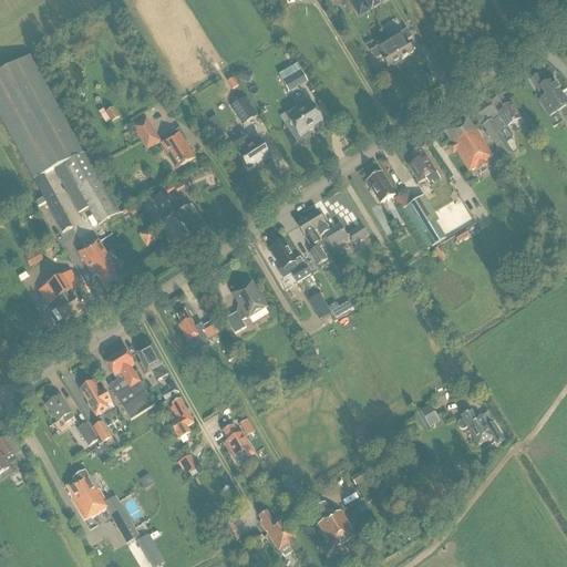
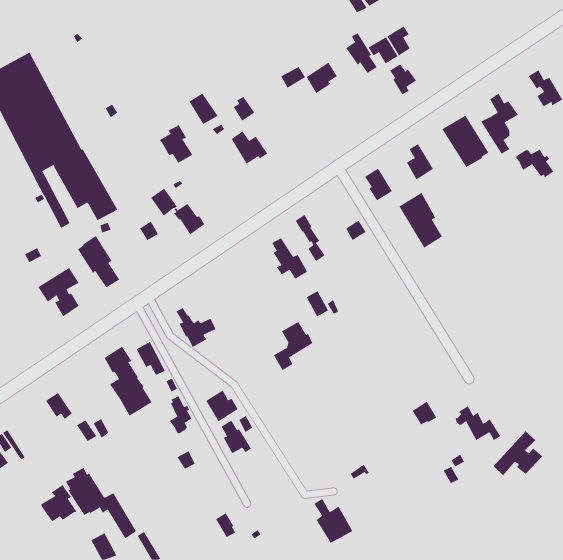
building: none -> [346,32,377,74]
building: none -> [389,63,417,95]
building: [288,101,320,133] -> [306,62,338,94]
building: [131,115,161,147] -> [189,93,218,125]
building: none -> [516,149,554,179]
building: [306,208,346,241] -> none
building: [225,281,265,331] -> [273,321,313,371]
building: [80,379,111,413] -> none
building: none -> [205,390,239,422]
building: none -> [493,430,543,476]
building: none -> [40,484,77,522]
building: [258,508,295,554] -> none

